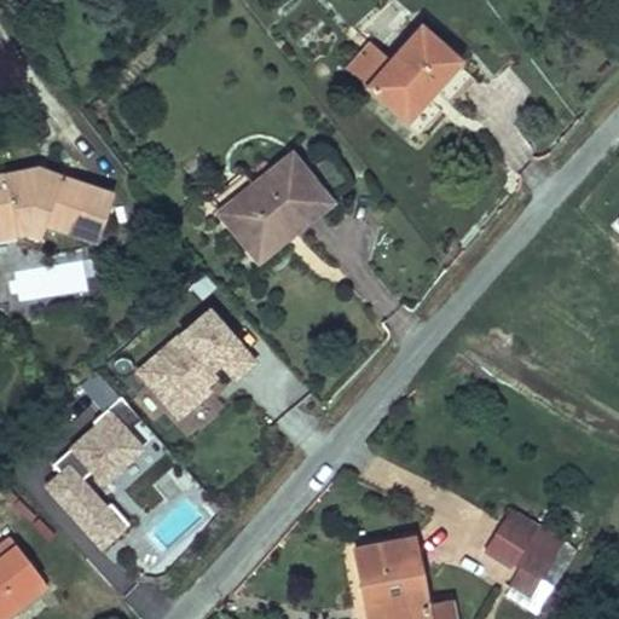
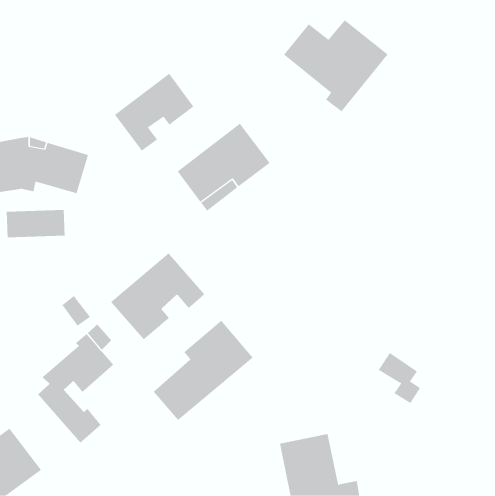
building: none -> [114,73,194,151]
building: none -> [153,320,253,421]
building: [496,509,549,573] -> [378,352,421,404]

